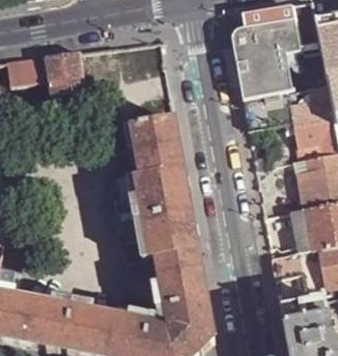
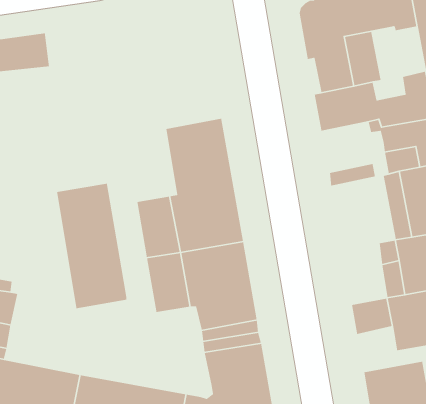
building: [47,51,88,95] -> none
building: none -> [56,183,127,309]

